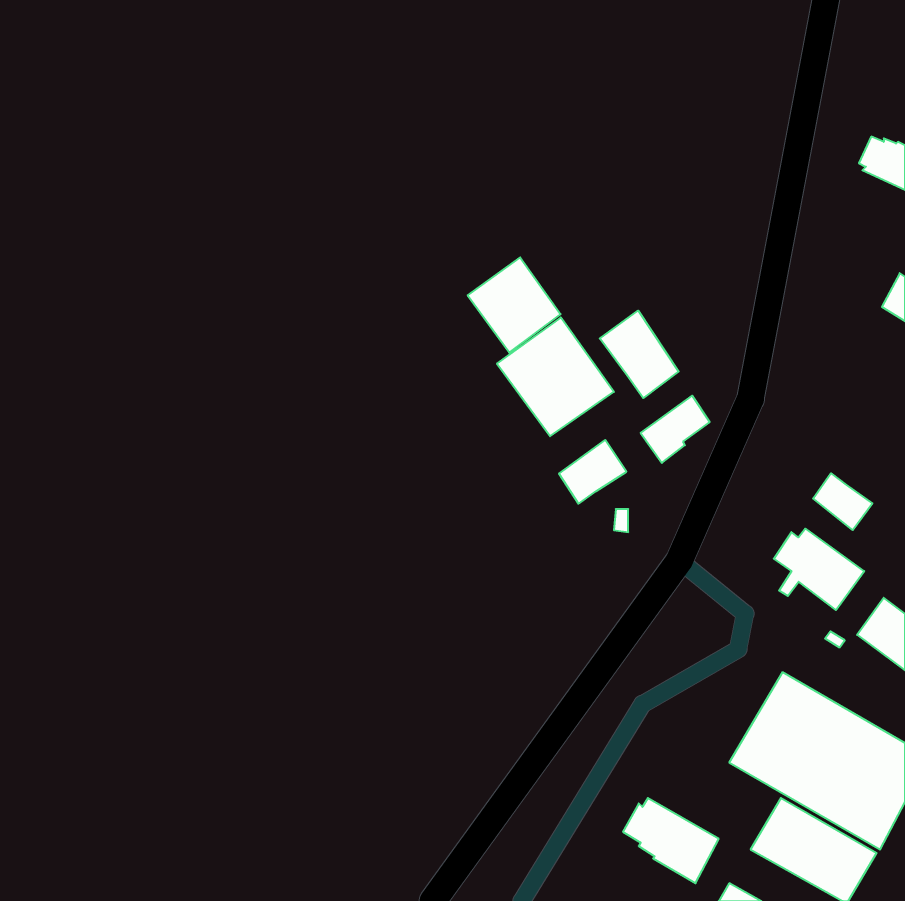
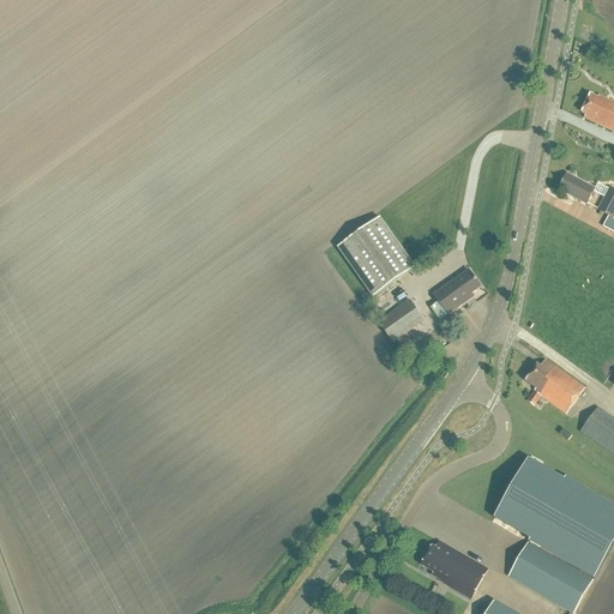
building: none -> [558,170,595,203]
building: [468,257,561,353] -> none
building: [600,311,679,398] -> none
building: [813,473,872,530] -> none

